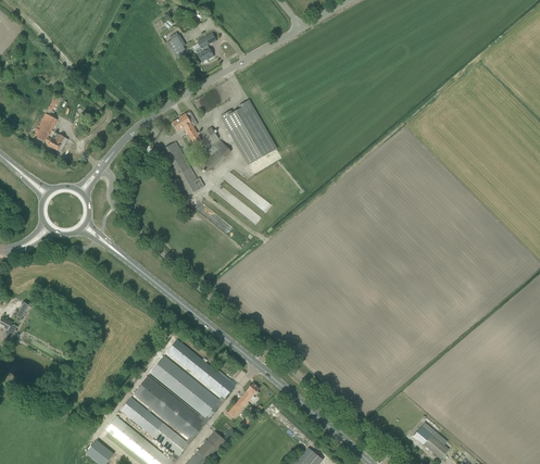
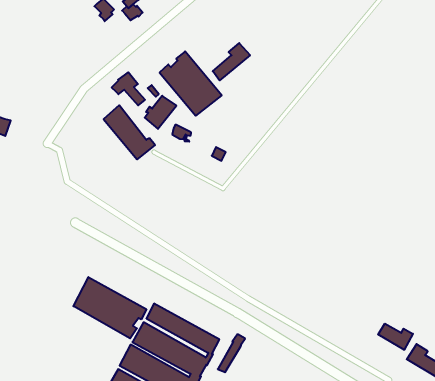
building: none -> [213,43,250,80]
building: none -> [73,277,146,338]
building: none -> [378,324,413,350]

